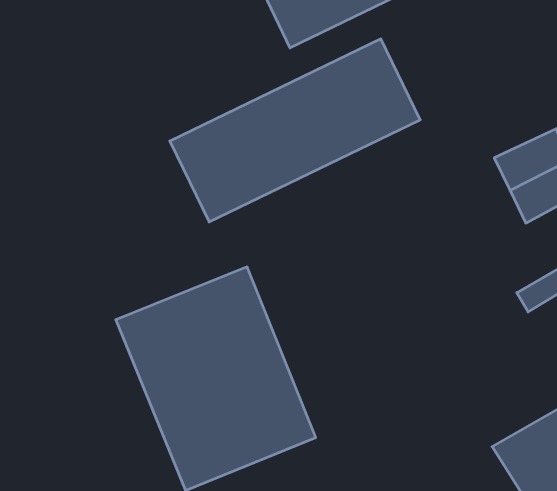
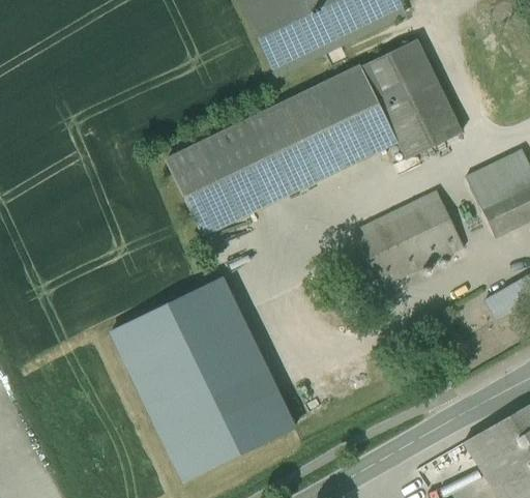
building: none -> [360,38,461,158]
building: none -> [354,189,464,286]

